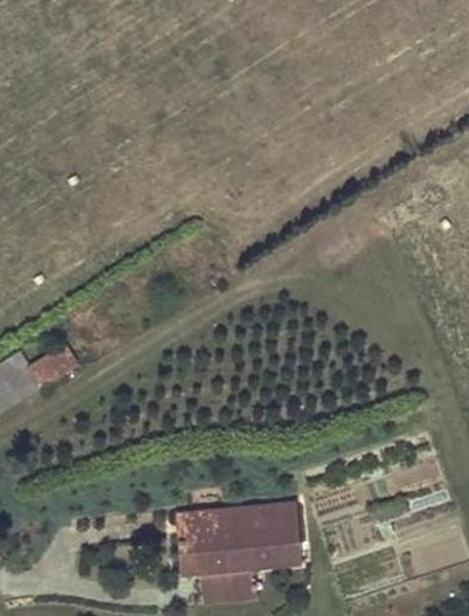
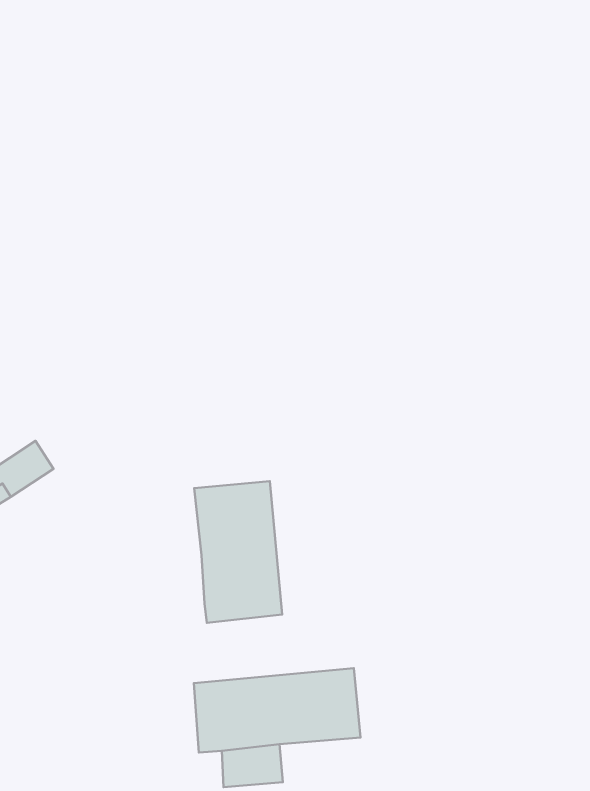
building: none -> [194,481,282,623]

